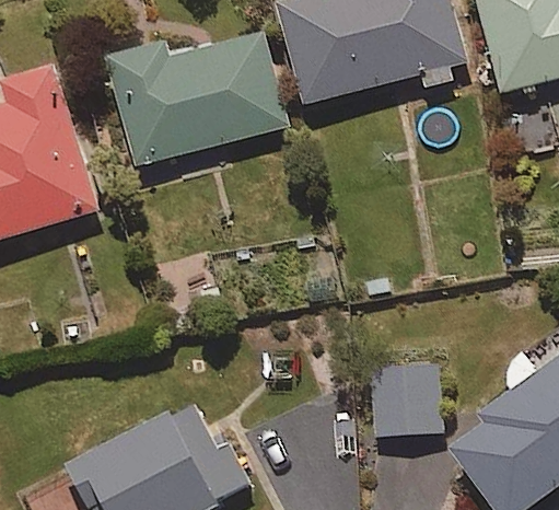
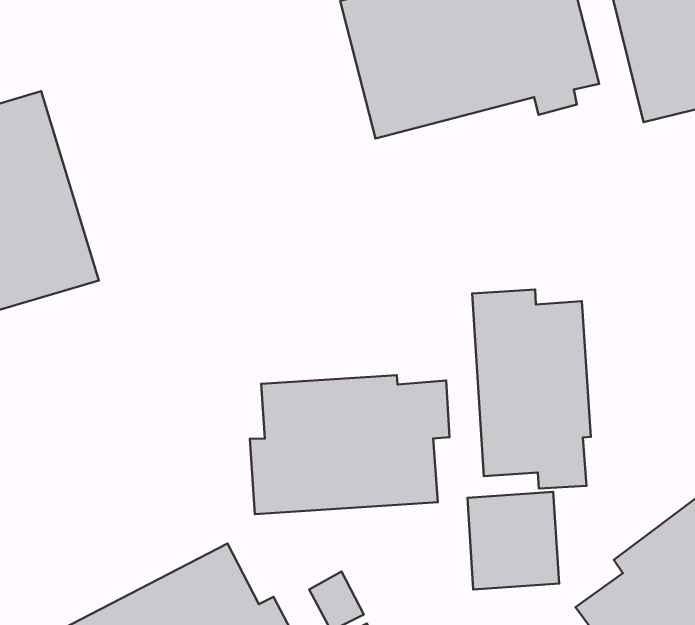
building: [106,32,288,163] -> none
building: none -> [472,289,591,489]
building: none -> [250,375,449,514]

